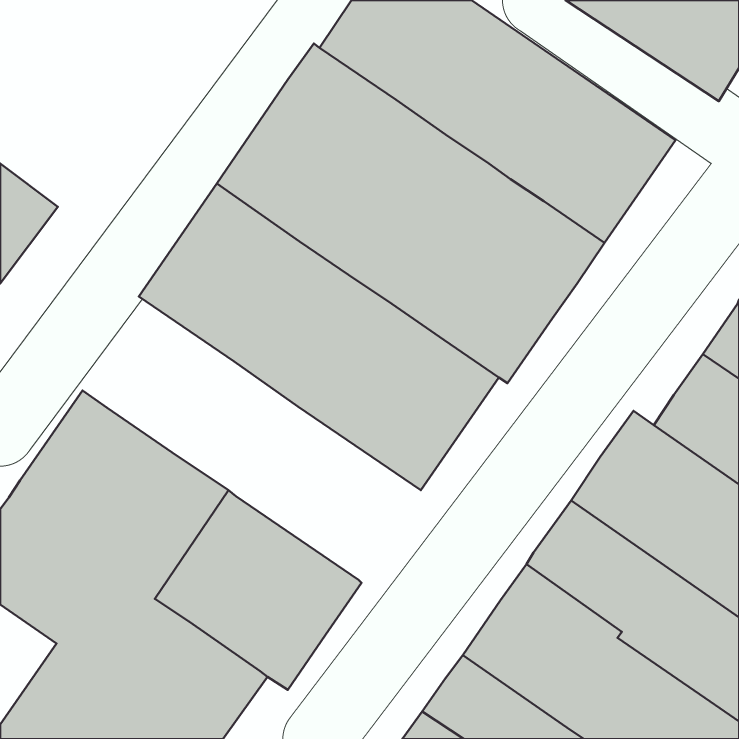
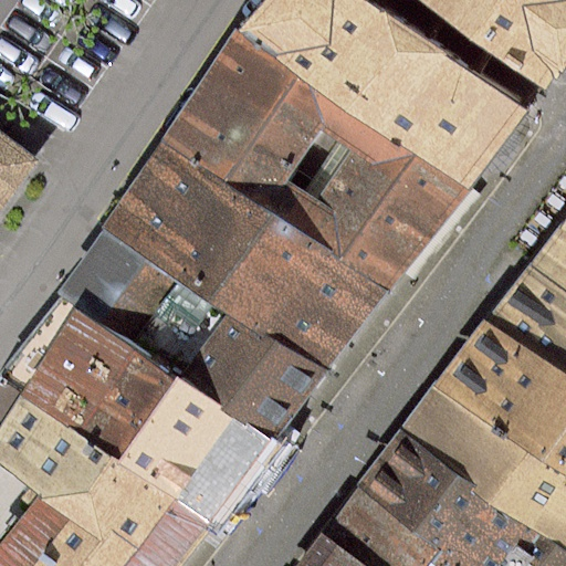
building: none -> [59,227,322,443]

